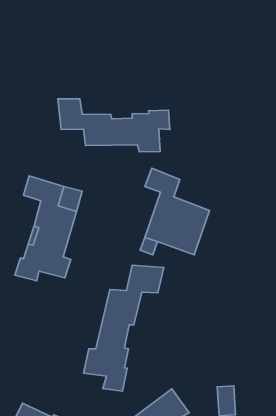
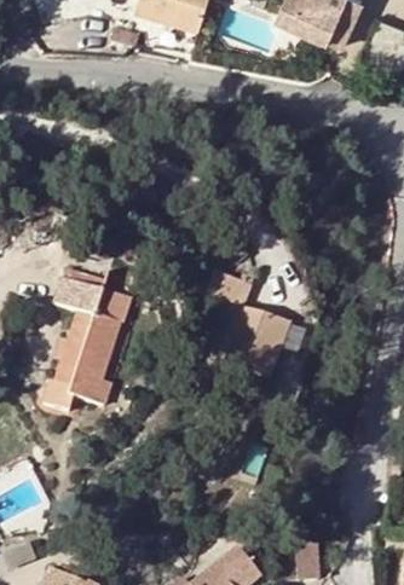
building: [58,99,170,152] -> none
building: [83,265,164,391] -> none

